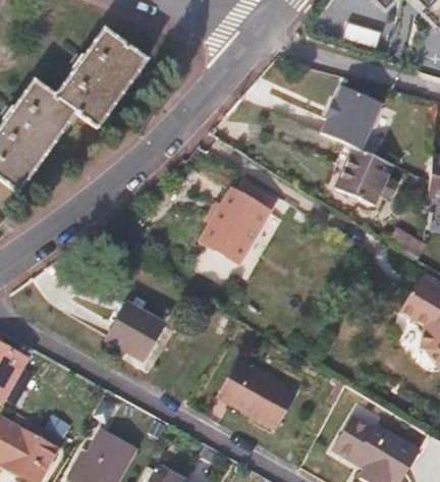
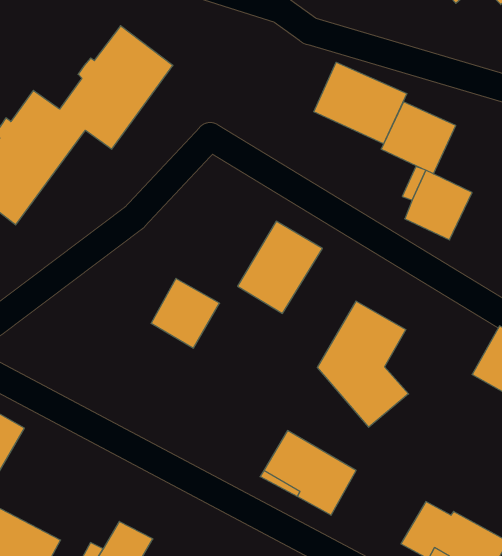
building: none -> [314,62,407,144]
building: none -> [317,301,409,427]
building: [108,304,164,361] -> [151,278,220,348]

